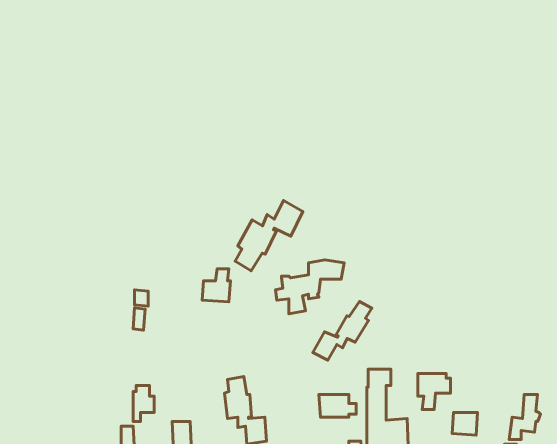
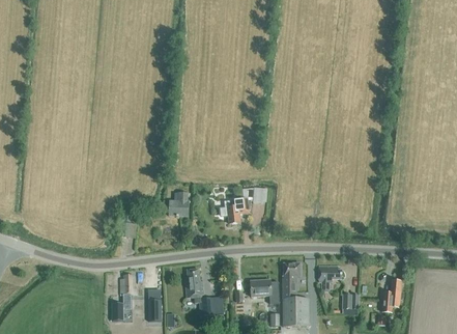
building: [235,201,303,271] -> none
building: [313,301,372,360] -> none

